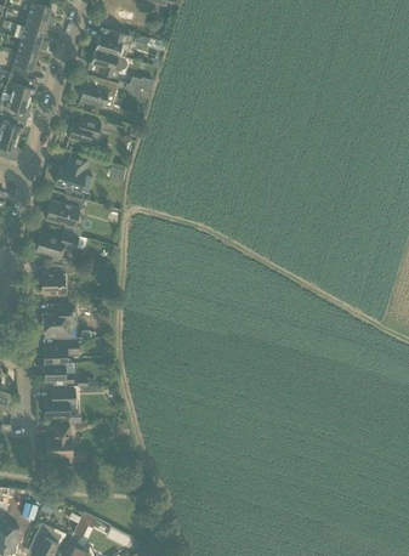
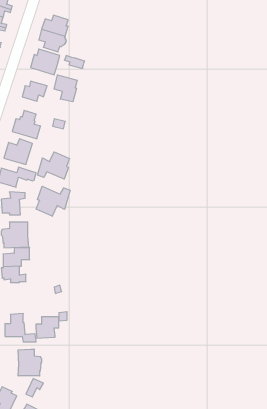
building: none -> [54,75,77,102]
building: none -> [38,152,69,179]
building: none -> [36,186,70,216]
building: [44,390,74,418] -> [36,317,59,338]
building: none -> [18,349,42,376]

